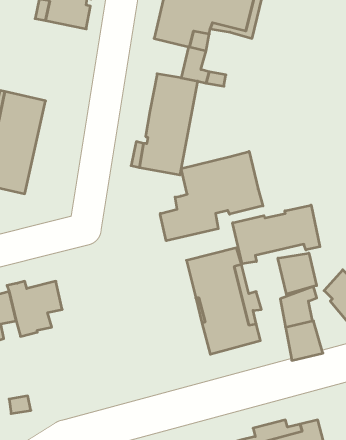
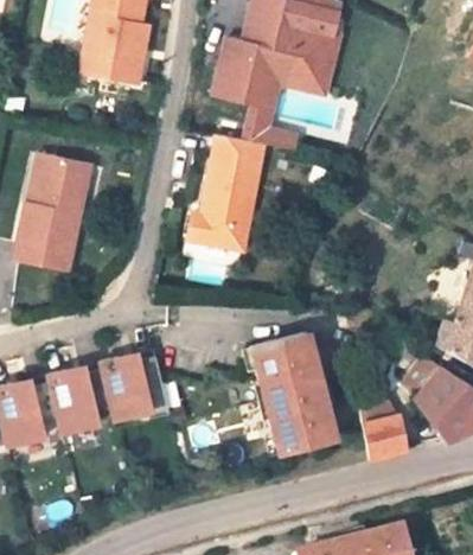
building: [160,151,263,241] -> none
building: [233,205,320,264] -> none
building: [278,253,317,294] -> none
building: none -> [101,356,171,420]

